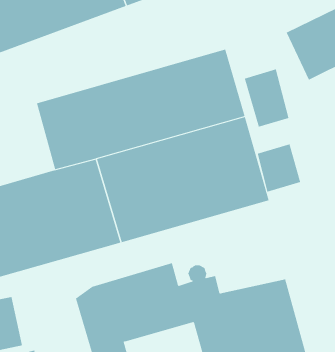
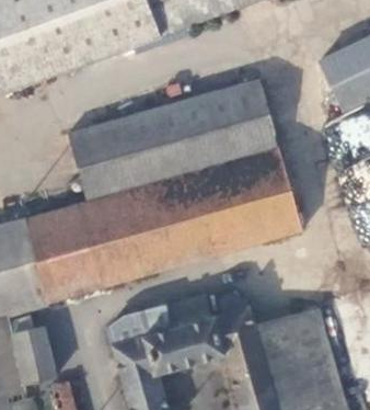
building: [244,69,289,128] -> none
building: [257,144,301,192] -> none

